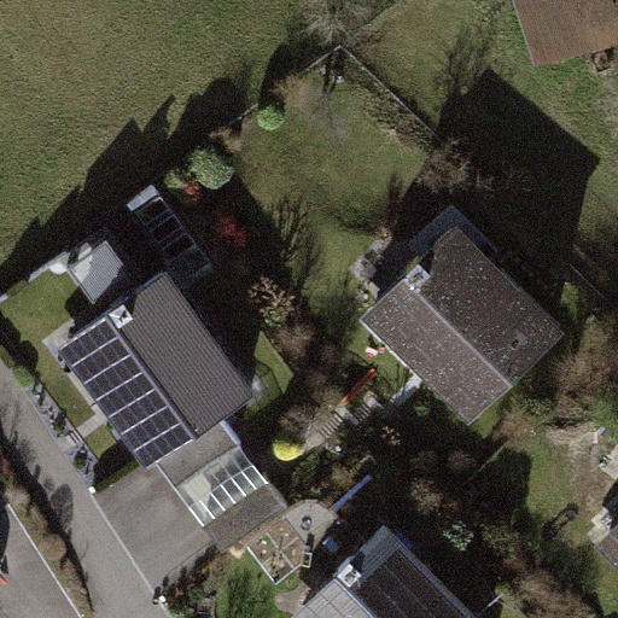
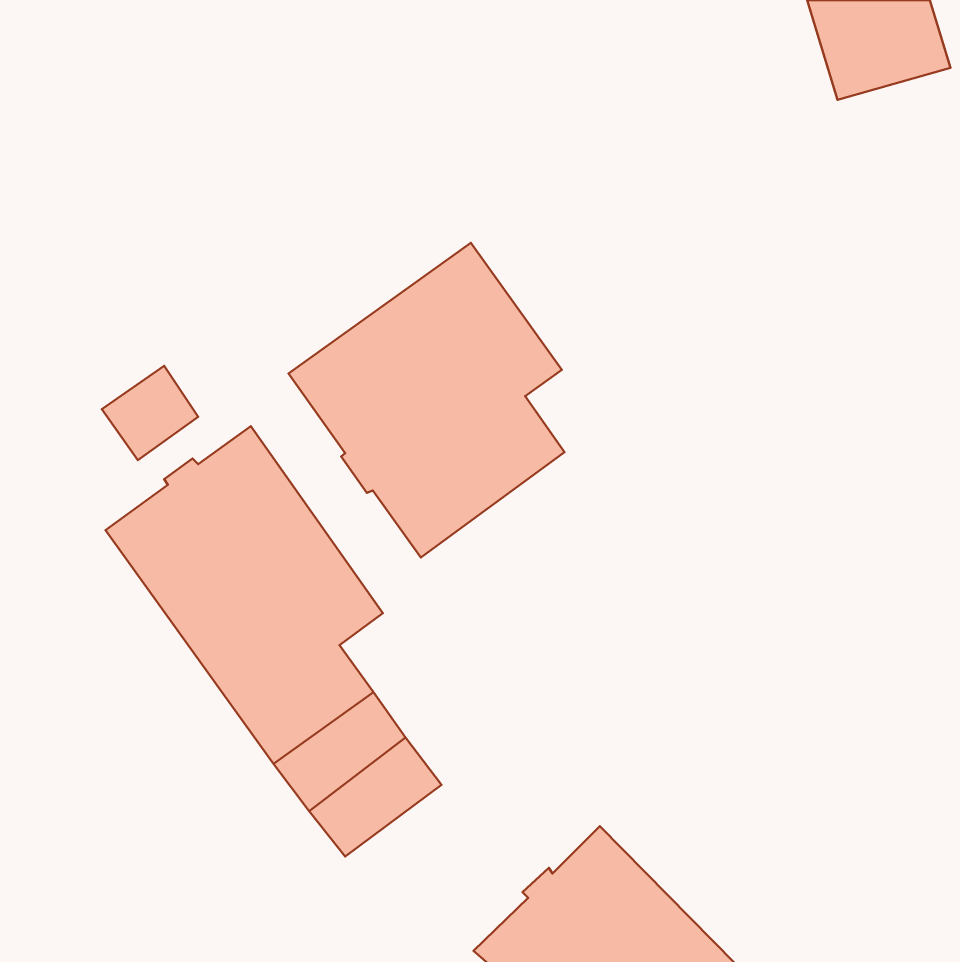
building: none -> [289,243,564,557]
building: [369,232,558,419] -> none

